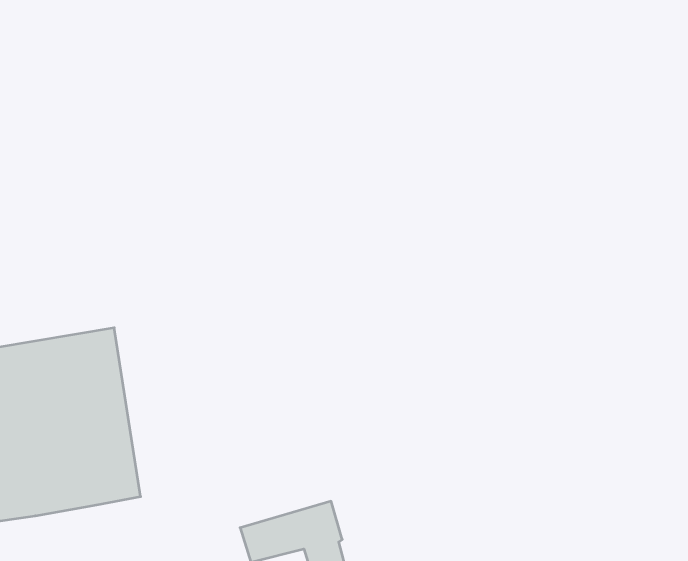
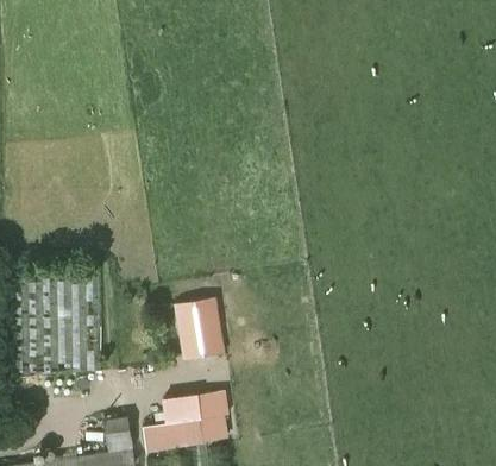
building: none -> [175,300,224,357]

